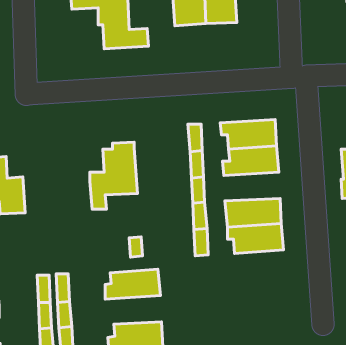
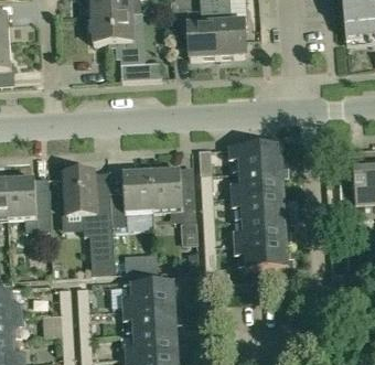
building: none -> [150,167,197,243]
building: none -> [63,171,116,272]
building: none -> [233,191,285,217]
building: none -> [124,304,175,331]

